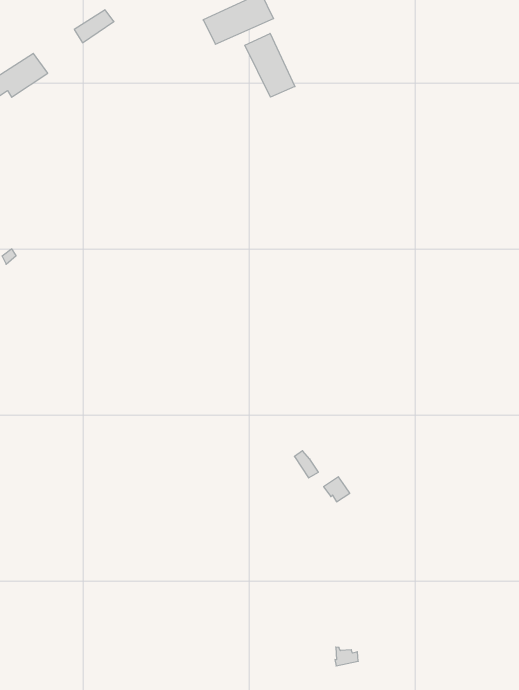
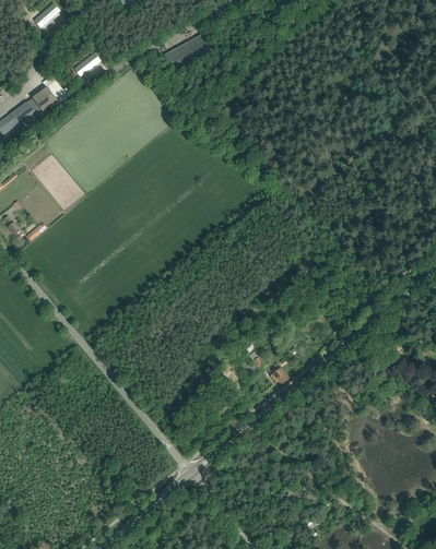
building: [245,33,295,97] -> none

